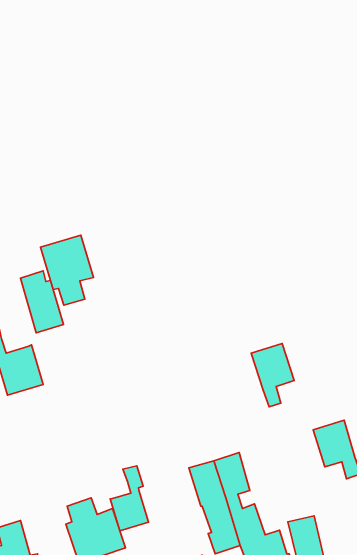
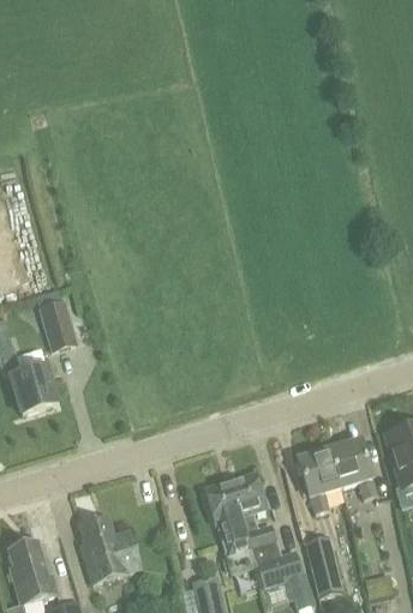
building: [41,235,94,305] -> none
building: [251,344,294,407] -> [298,449,341,512]
building: [110,466,148,531] -> none

